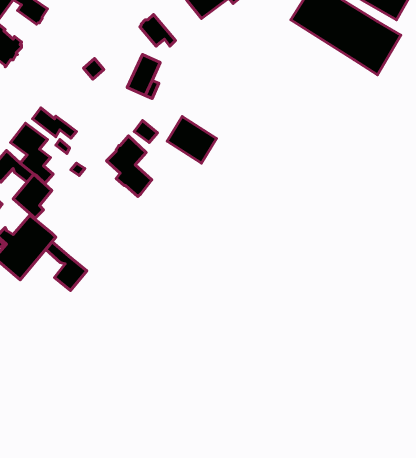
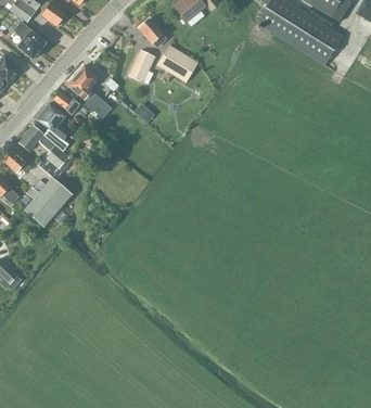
building: [167,116,217,163] -> [157,46,196,82]
building: [106,136,152,196] -> [66,64,102,112]
building: [46,242,87,291] -> none

